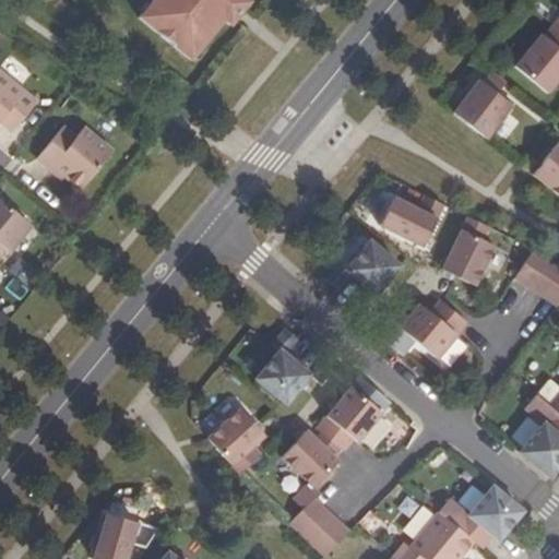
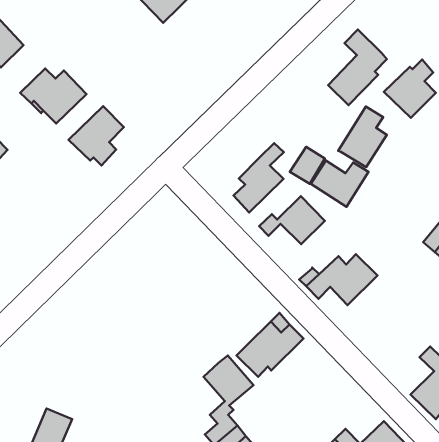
building: none -> [328,30,387,105]
building: none -> [68,106,124,166]
building: none -> [233,143,284,212]
building: [442,216,496,285] -> [338,107,387,167]
building: [255,329,311,404] -> none
building: [209,408,265,473] -> none

